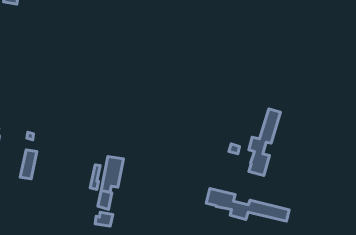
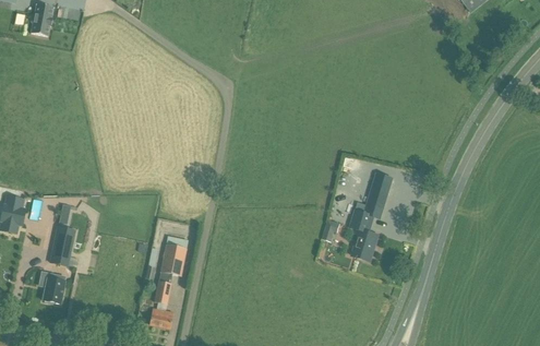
building: none -> [39,273,65,303]
building: [206,188,289,221] -> none

